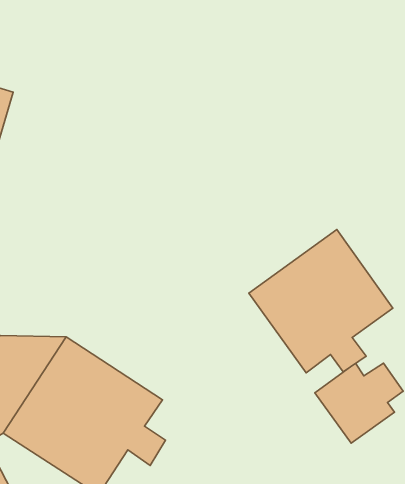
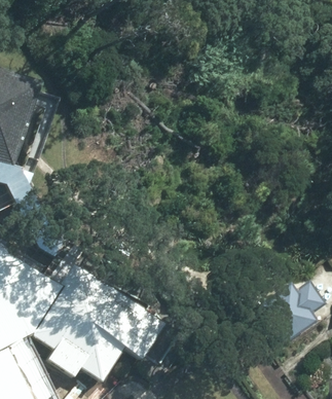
building: [249,230,393,373] -> none

